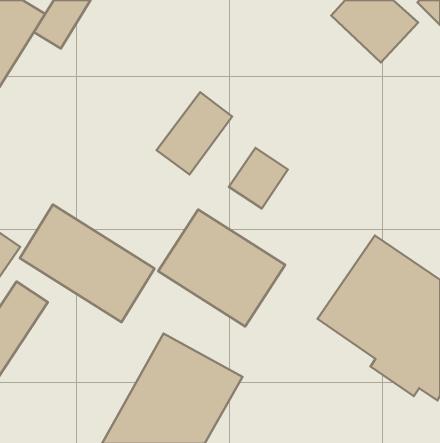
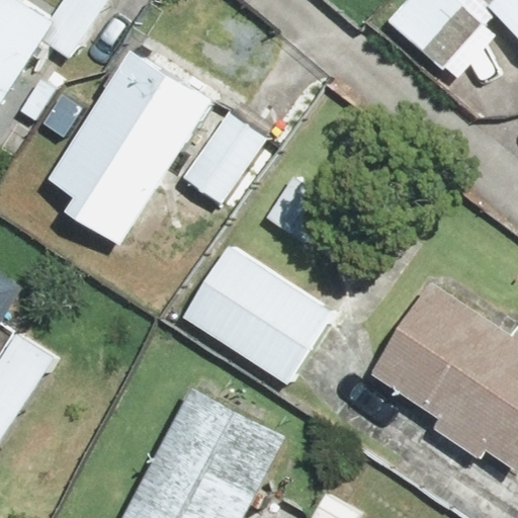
building: none -> [51,49,209,243]
building: [20,204,155,322] -> none

